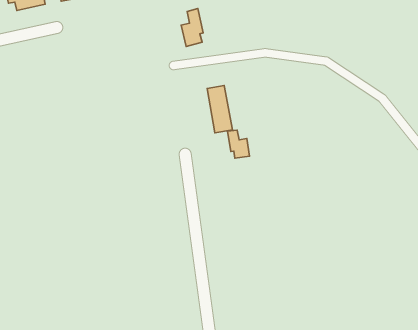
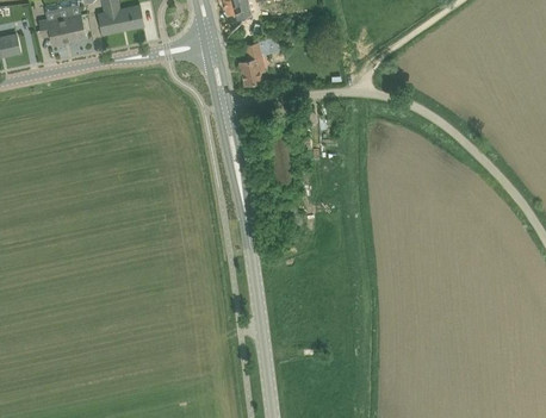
building: [227,130,249,158] -> none

